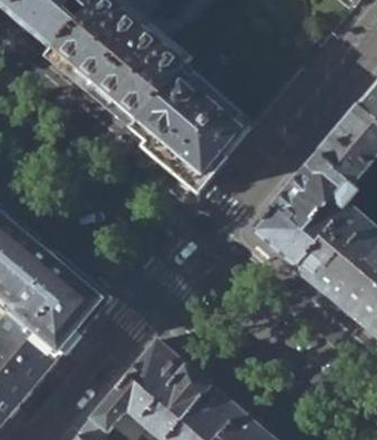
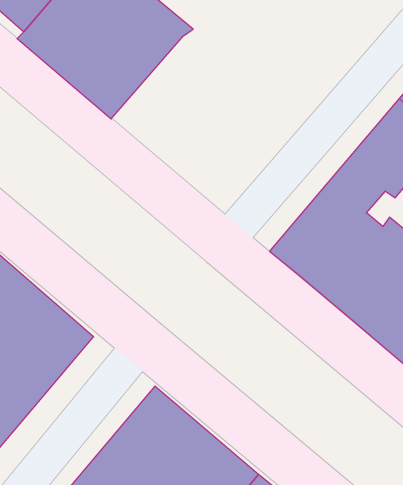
building: [121,55,257,190] -> none

